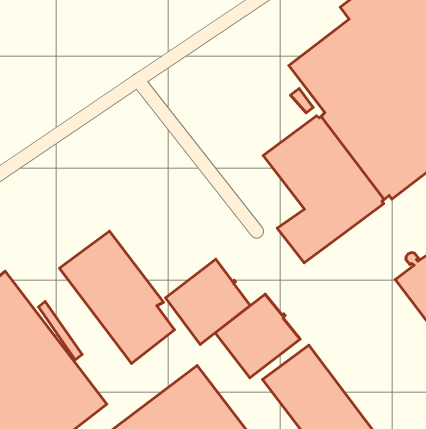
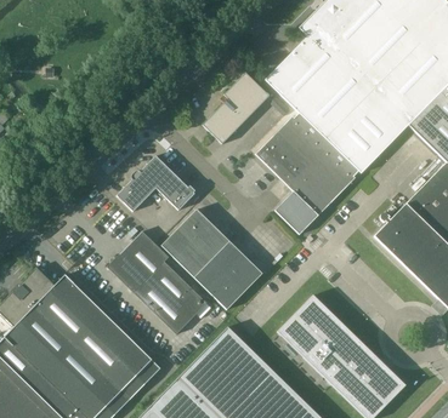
building: none -> [203,73,270,144]
building: none -> [117,156,194,212]
building: [215,294,300,378] -> [161,210,229,277]

